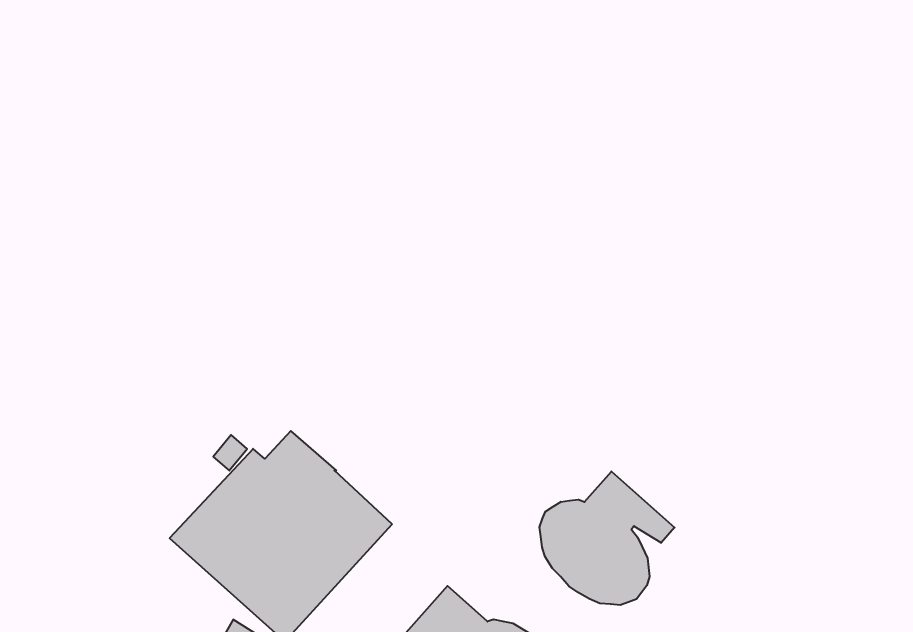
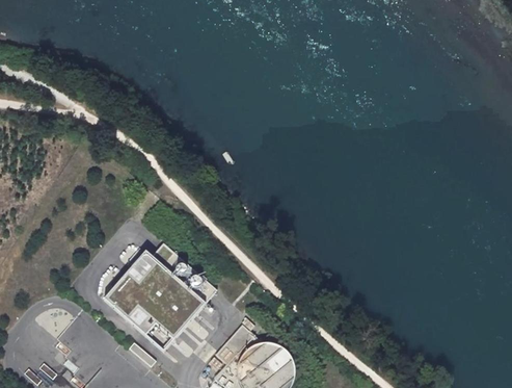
building: [540,471,675,605] -> none

